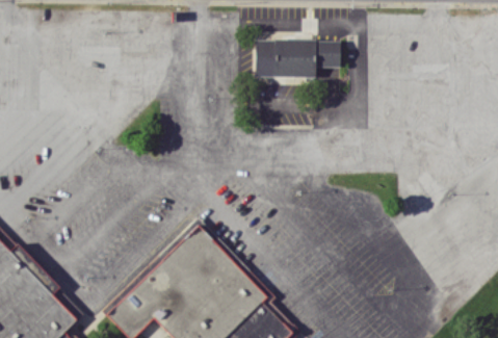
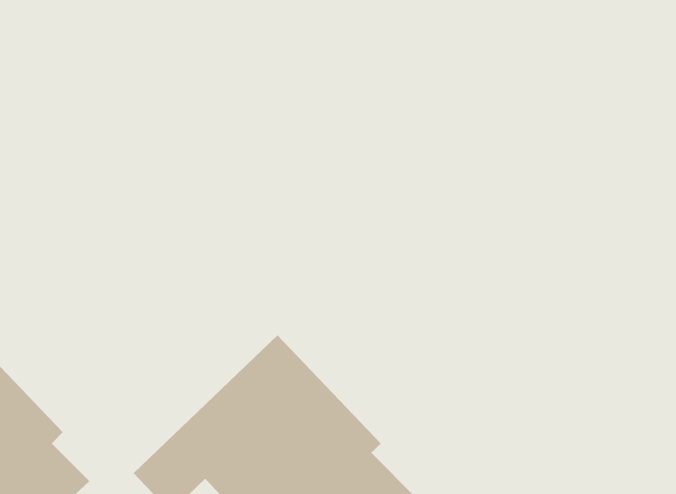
building: [255,40,340,78] -> none

